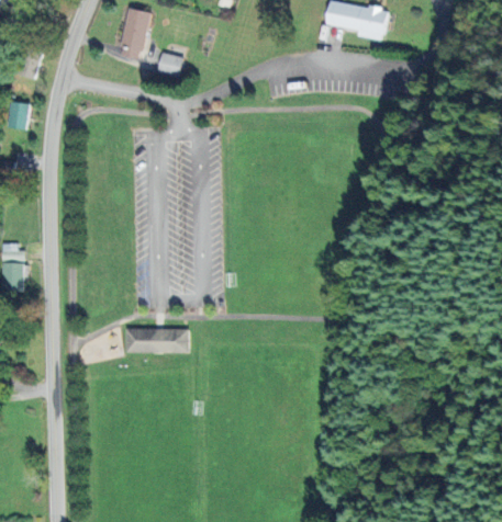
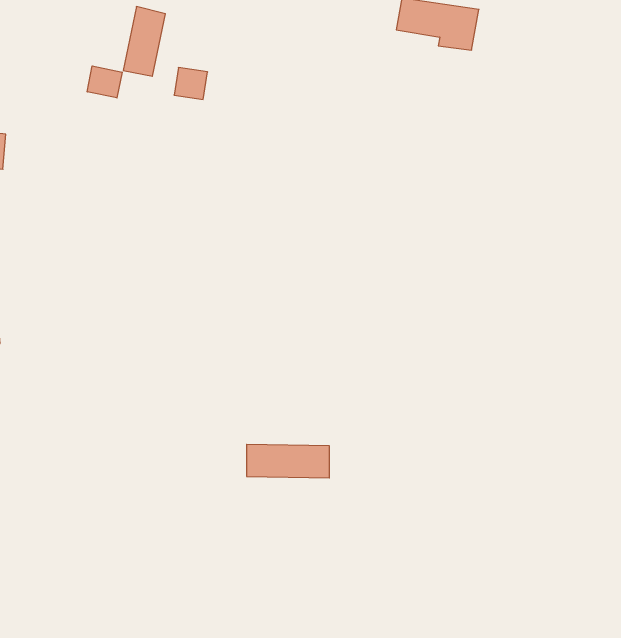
building: none -> [87,66,122,98]
building: [125,328,188,353] -> [247,444,329,478]

